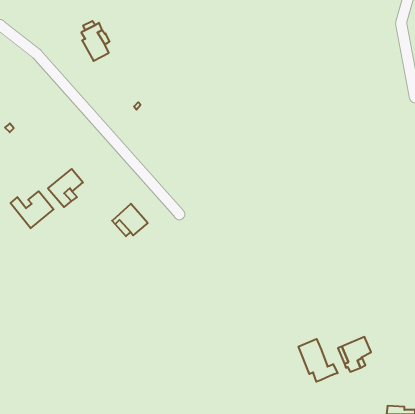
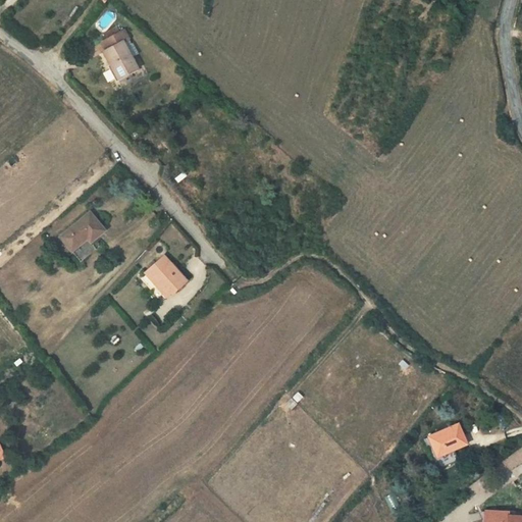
building: [11,191,54,228] -> none
building: [299,339,338,382] -> none

